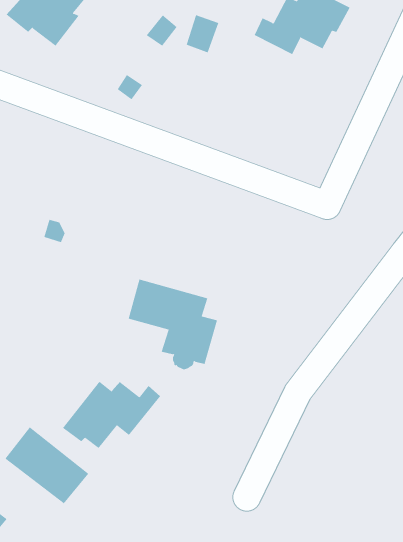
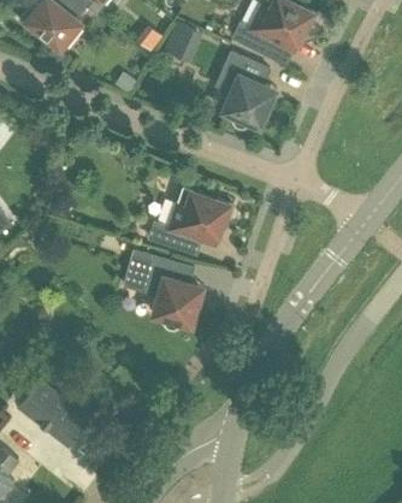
building: none -> [217,54,276,129]
building: none -> [149,189,233,254]
building: [62,381,161,449] -> none

